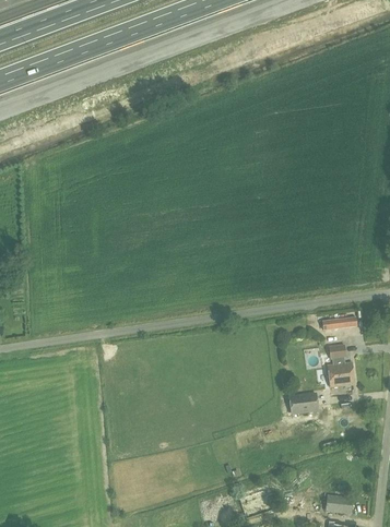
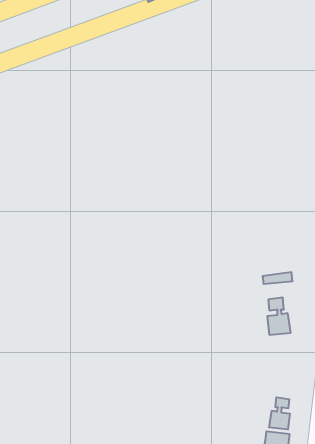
building: [287,391,318,414] -> none
building: none -> [269,397,290,430]

